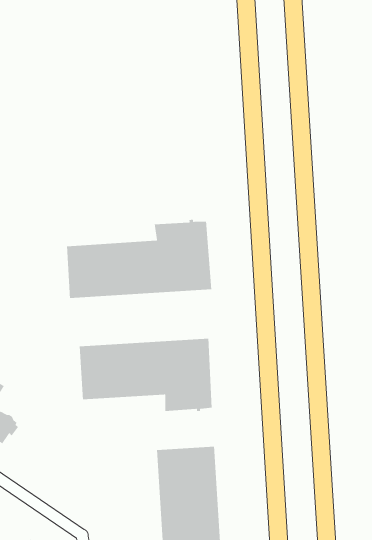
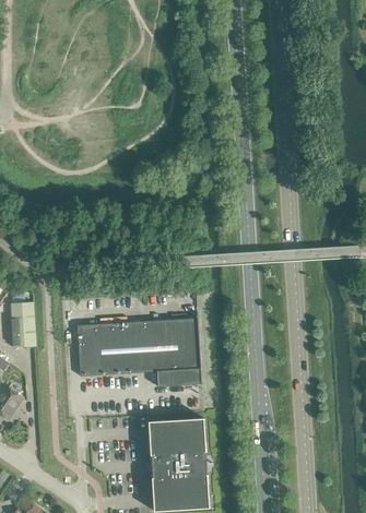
building: [66,219,212,299] -> none
building: none -> [10,301,35,347]

